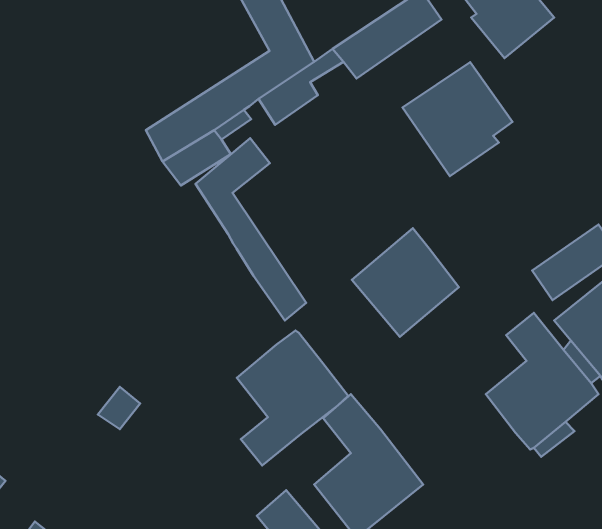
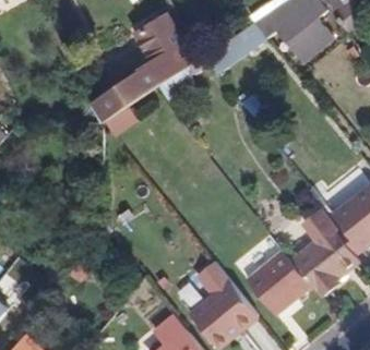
building: [402,62,512,176] -> none
building: [196,138,306,320] -> none
building: [352,228,459,337] -> [244,249,308,313]
building: [237,330,348,466] -> none

